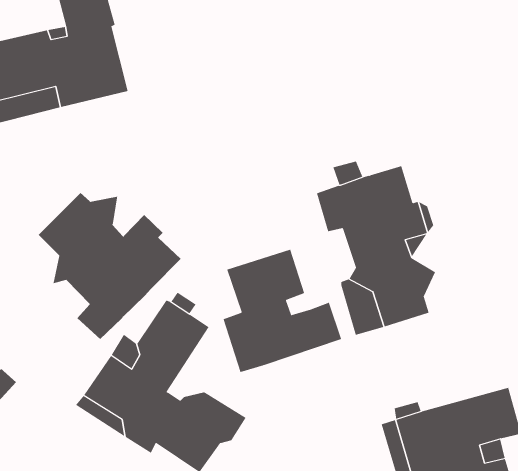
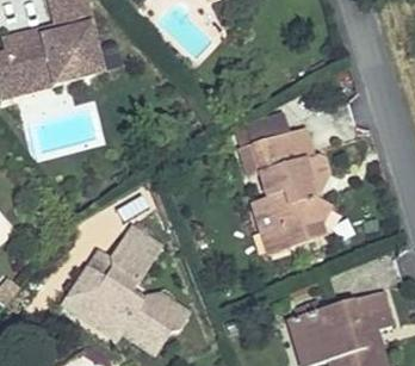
building: [38,192,181,340] -> none
building: [223,249,342,373] -> none

